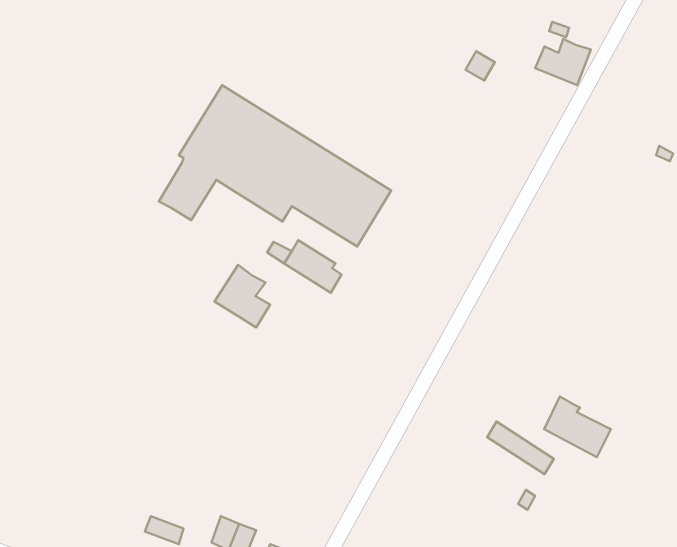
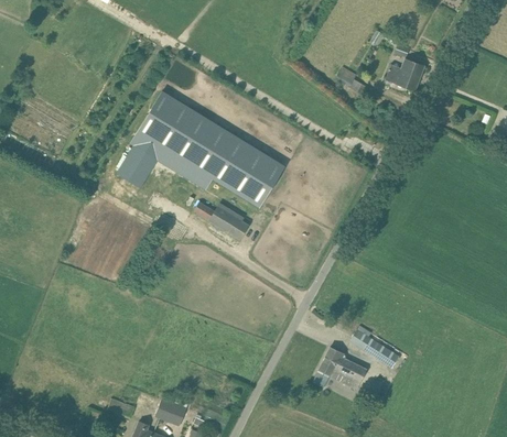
building: [214,265,270,328] -> none
building: [544,397,611,457] -> [319,347,366,390]

